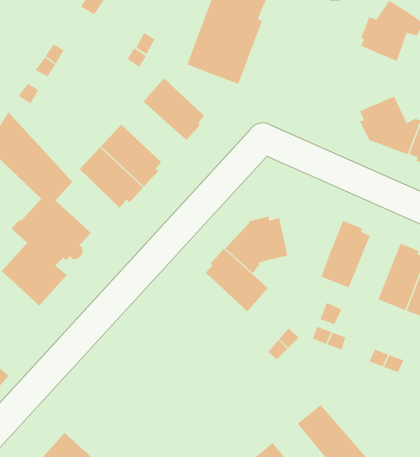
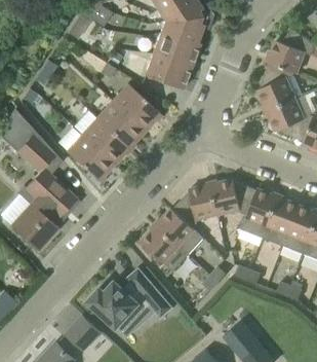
building: none -> [259,62,295,109]
building: none -> [97,102,145,146]
building: none -> [212,179,257,215]
building: none -> [263,200,300,246]
building: none -> [142,226,189,272]
building: none -> [87,266,174,329]
building: none -> [65,314,102,351]

